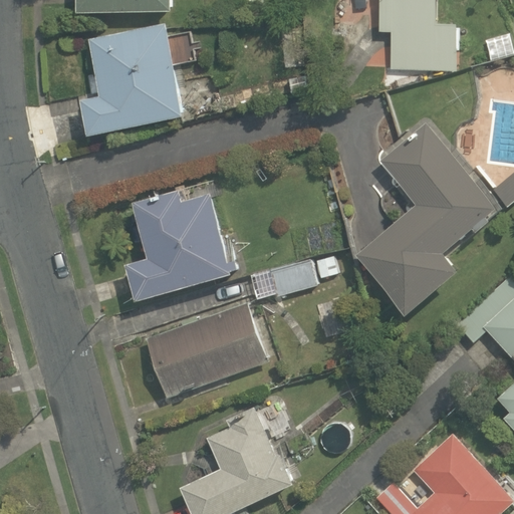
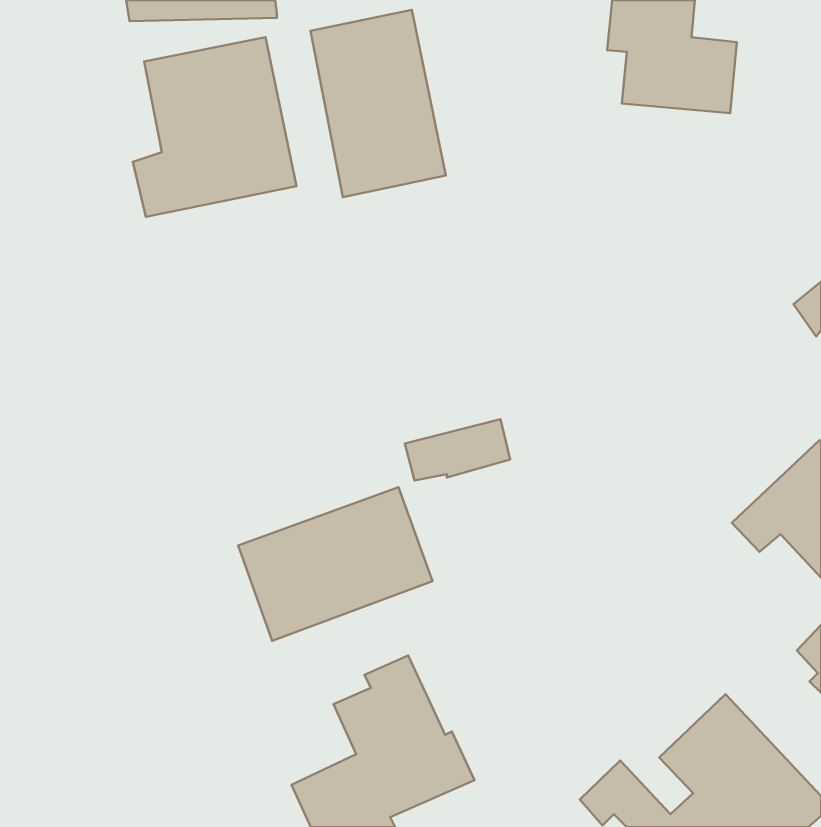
building: none -> [310,10,446,197]
building: [354,123,498,318] -> none
building: [128,190,234,299] -> none

